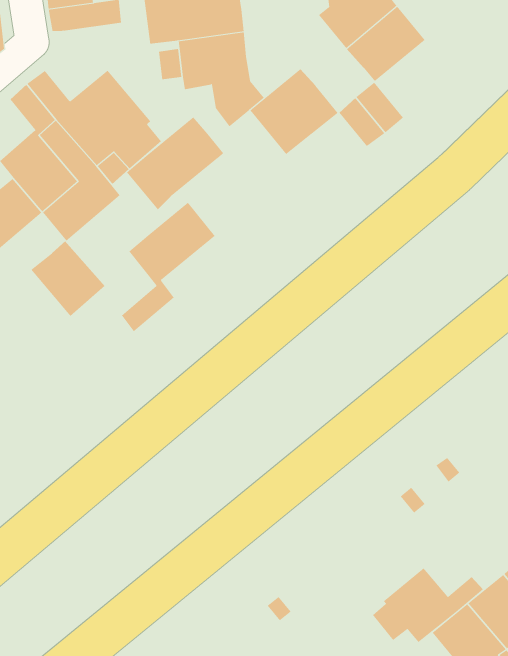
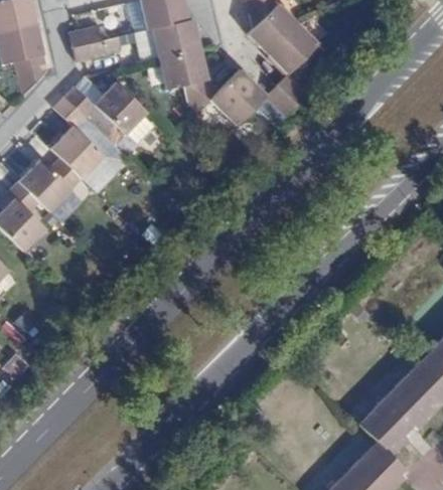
building: [126,116,224,210] -> none
building: [121,202,215,332] -> none
building: [31,241,105,317] -> none
building: [372,568,484,643] -> none

